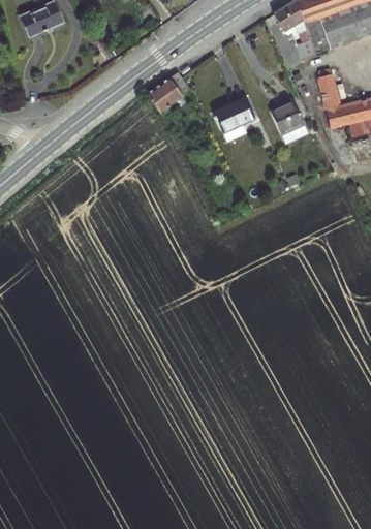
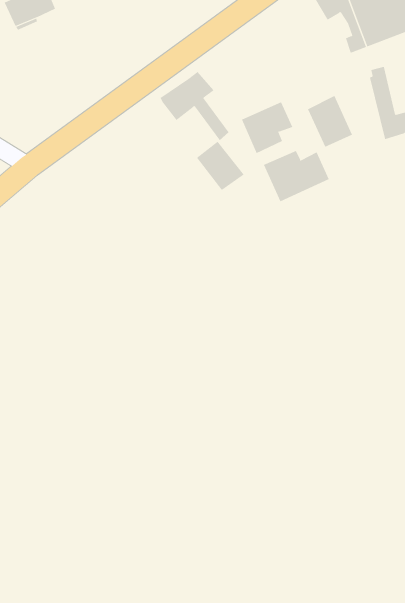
building: none -> [196,141,244,191]
building: none -> [263,150,329,202]

